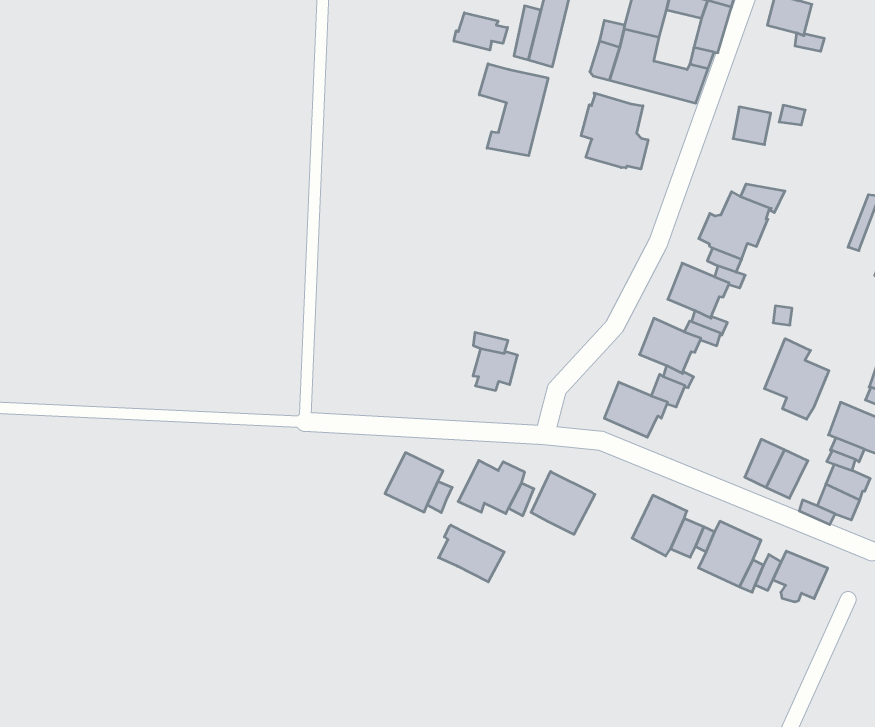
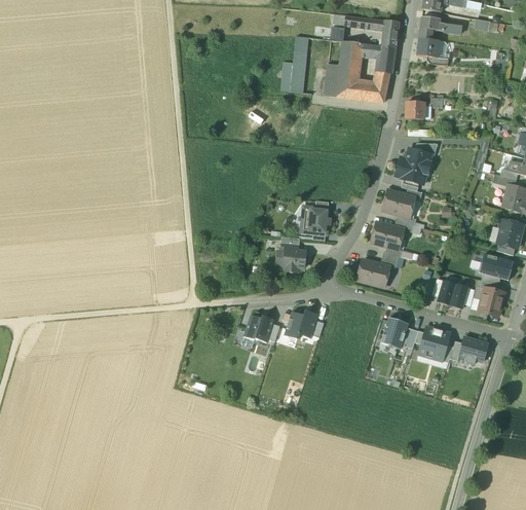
building: [454,13,508,50] -> none
building: [479,64,548,156] -> none
building: [581,93,648,169] -> none
building: none -> [300,206,330,233]
building: [764,339,829,419] -> none
building: [531,471,595,534] -> none
building: [438,525,504,582] -> none

